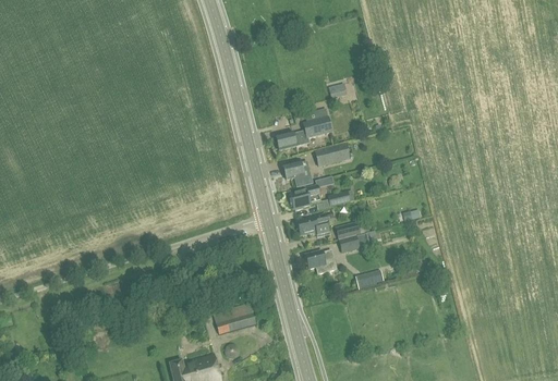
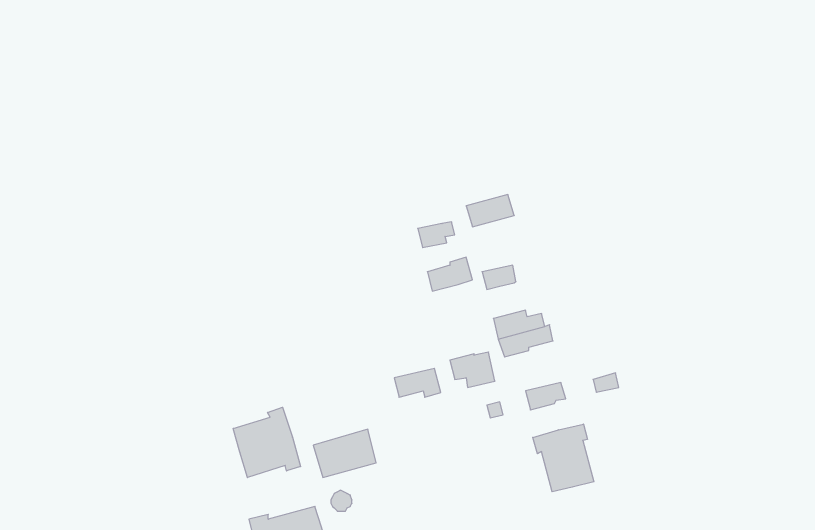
building: [276,116,332,150] -> none
building: [296,214,328,234] -> [394,368,441,397]
building: none -> [233,407,301,478]
building: none -> [533,424,594,492]

